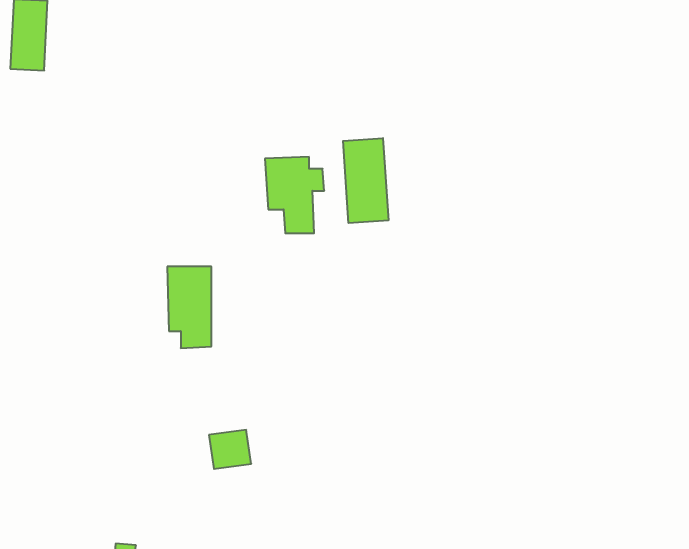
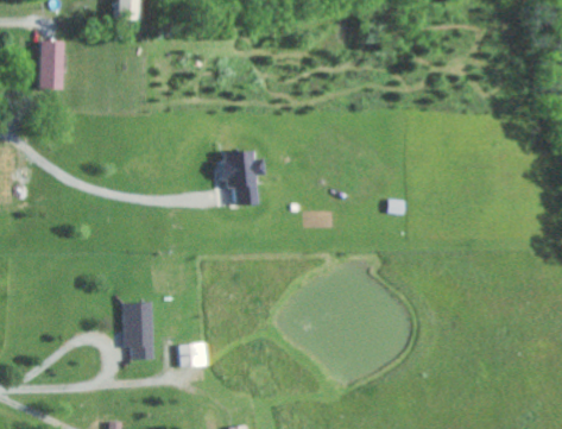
building: [343,138,388,223] -> none
building: [167,267,211,348] -> [124,303,154,360]

